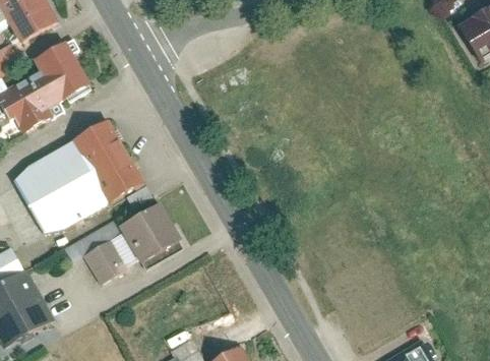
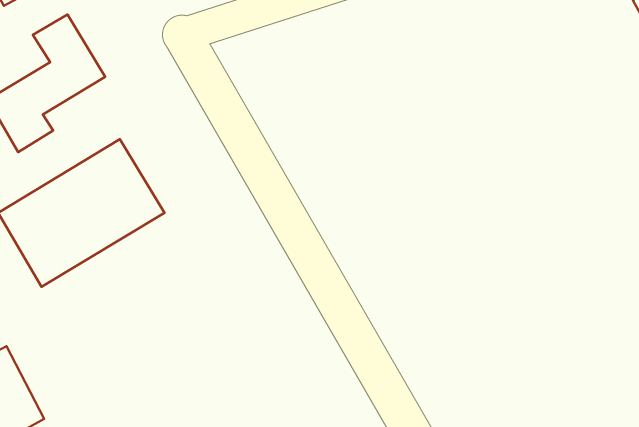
building: [79,208,178,288] -> none

